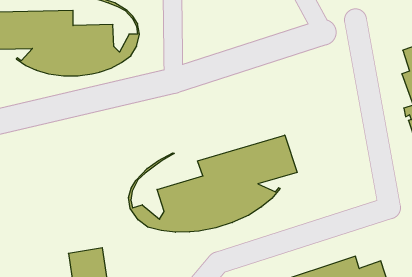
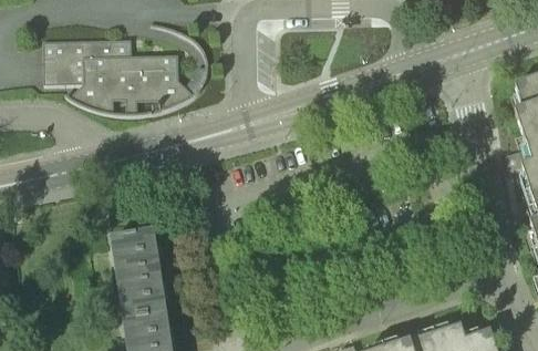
building: [129,135,297,232] -> none
building: none -> [112,234,165,322]

